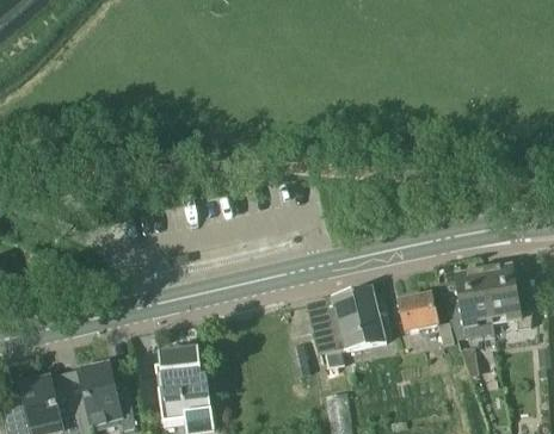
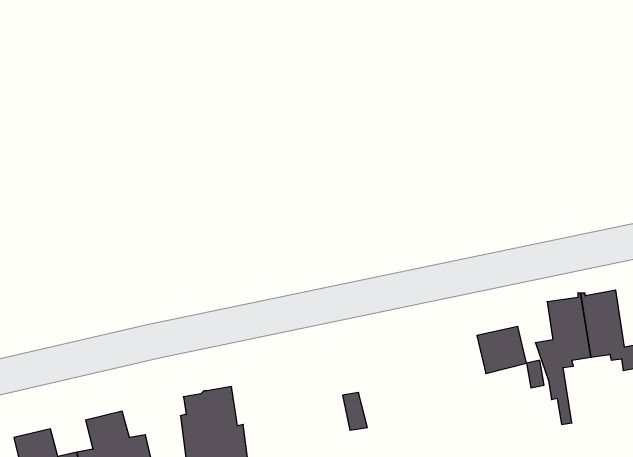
building: [306,285,384,366] -> none

